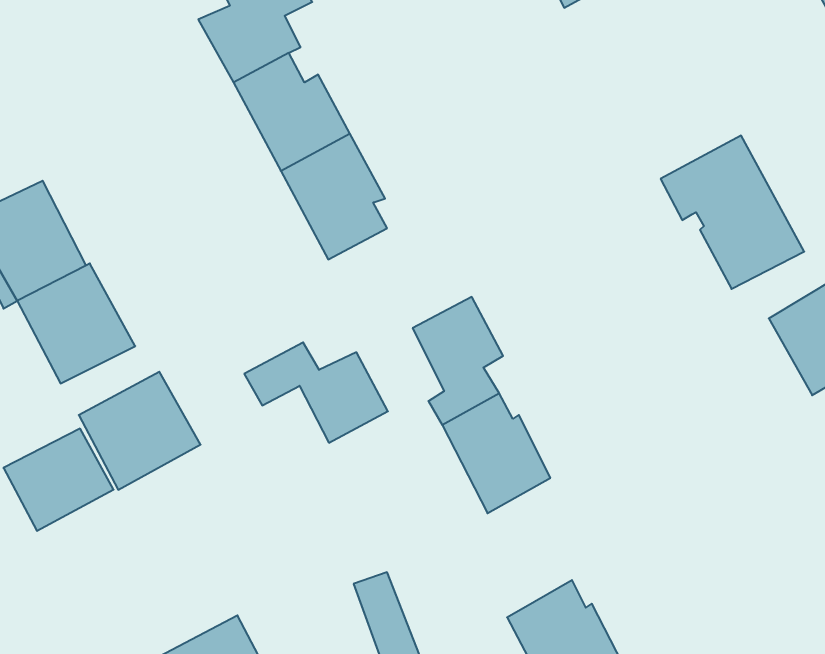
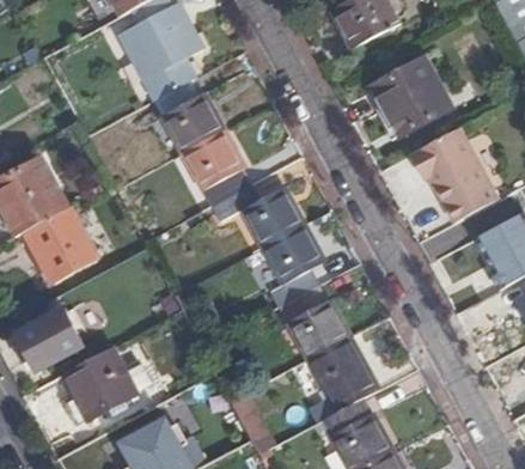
building: none -> [379,59,457,136]
building: [244,342,388,443] -> [213,183,300,244]
building: [79,372,201,490] -> [60,345,134,416]
building: none -> [310,335,377,410]

